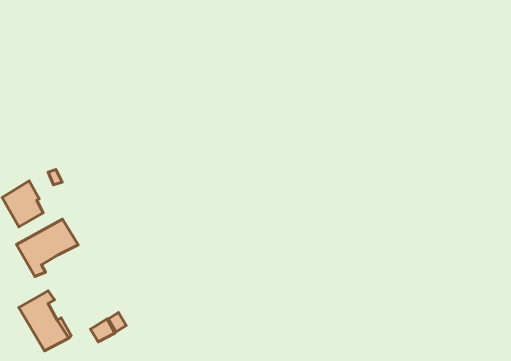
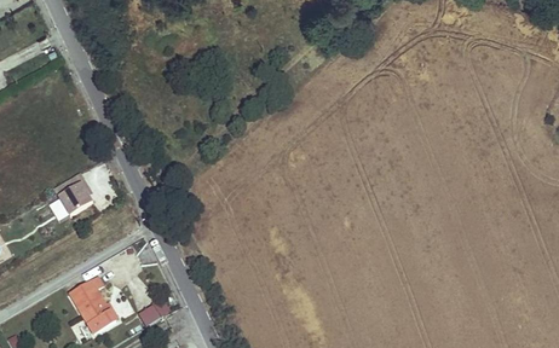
building: [16,219,78,277] -> none

